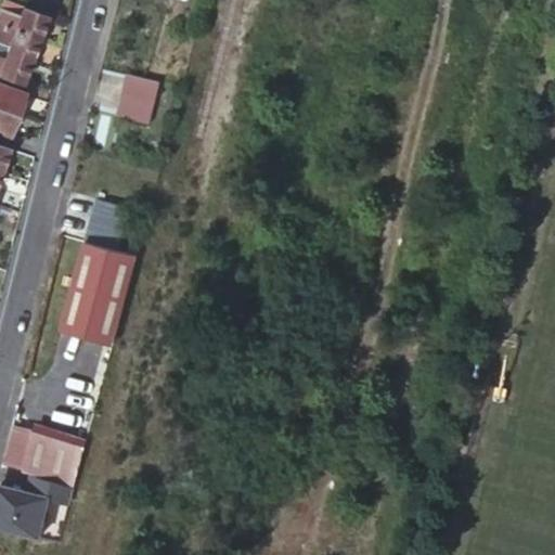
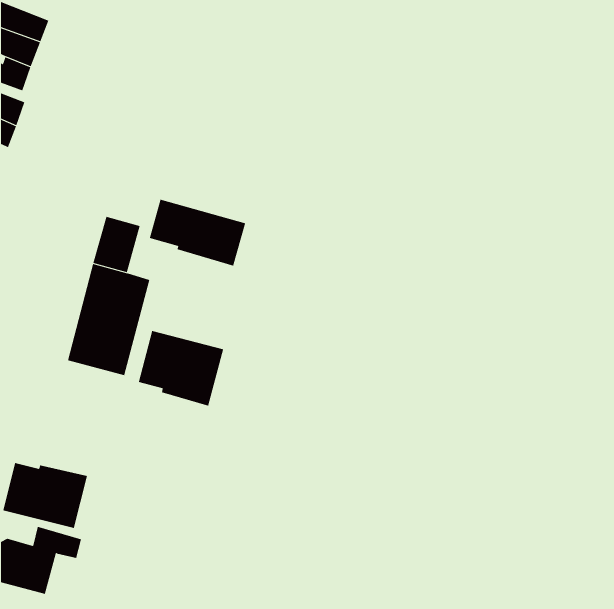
building: [116,76,159,126] -> none
building: none -> [149,199,246,267]
building: none -> [138,330,224,406]

